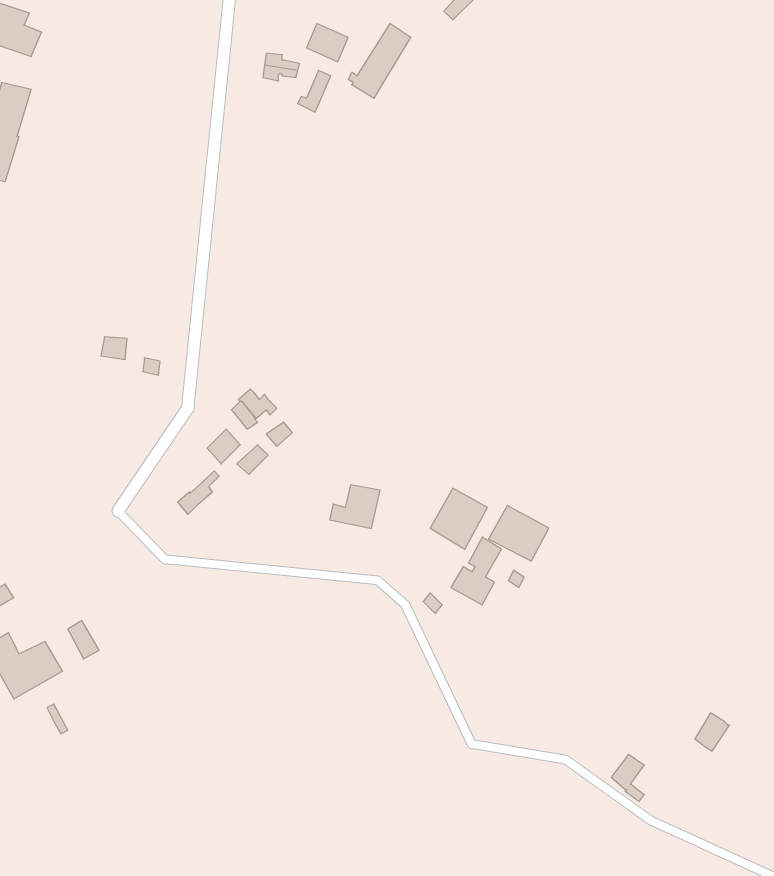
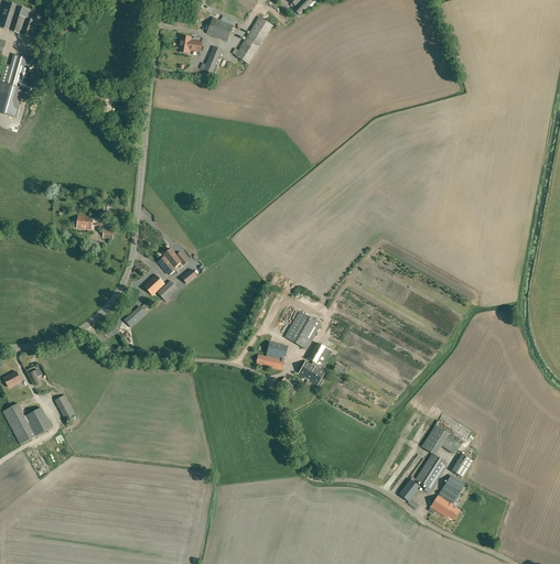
building: [330,485,380,528] -> [256,341,288,369]
building: [489,505,549,561] -> none
building: none -> [416,425,461,492]
building: none -> [428,475,464,519]

